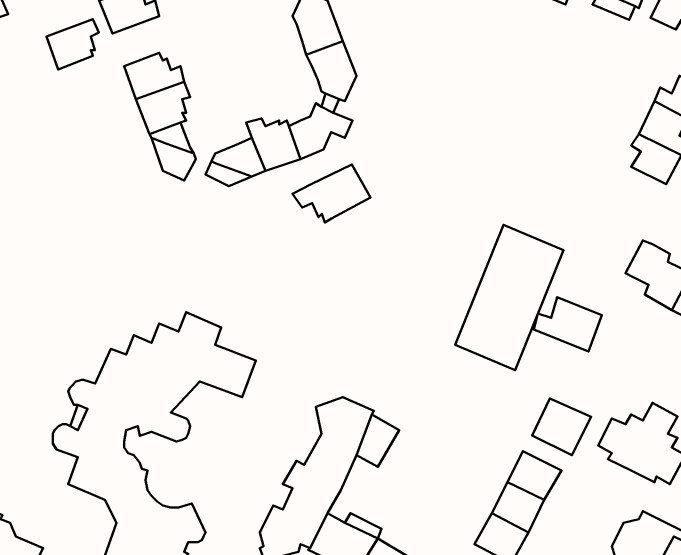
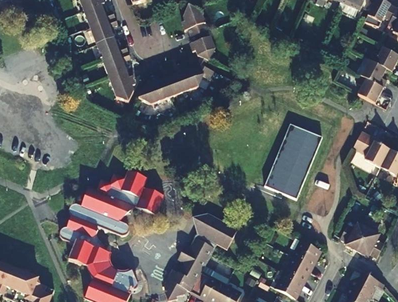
building: [46,19,99,69] -> [89,16,116,42]
building: [293,164,371,222] -> none
building: [534,297,602,352] -> none
building: [532,398,591,455] -> none

